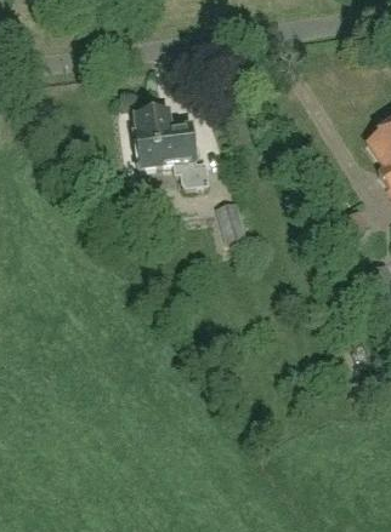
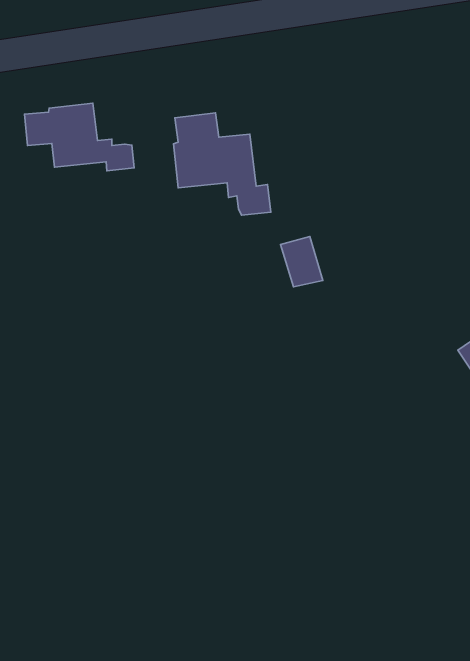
building: none -> [24,103,134,171]

